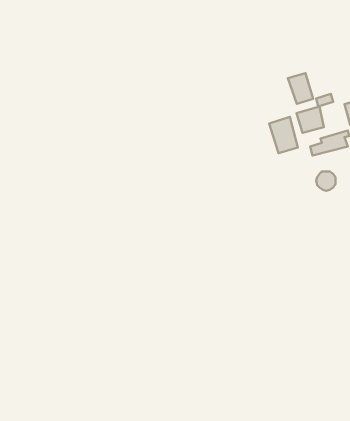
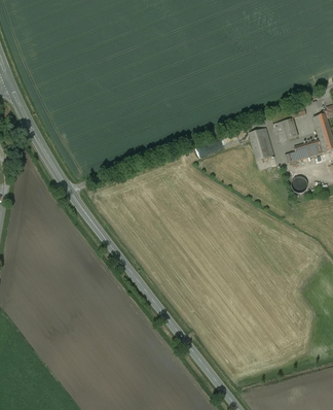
building: [288,73,313,104] -> none

